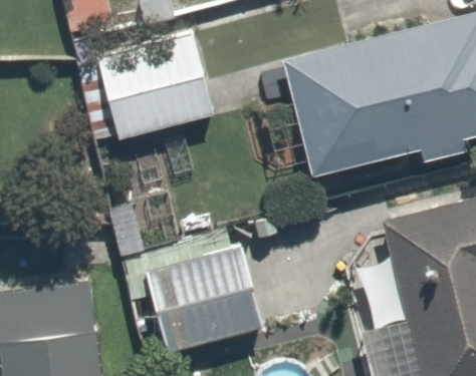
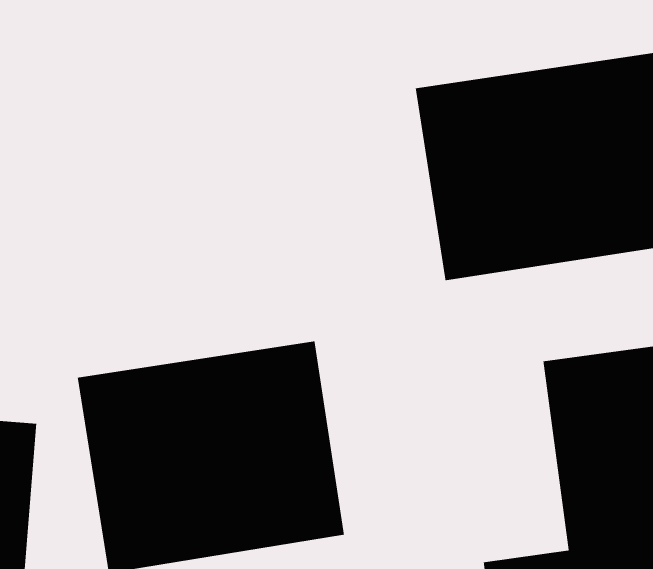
building: [82,42,214,139] -> none

